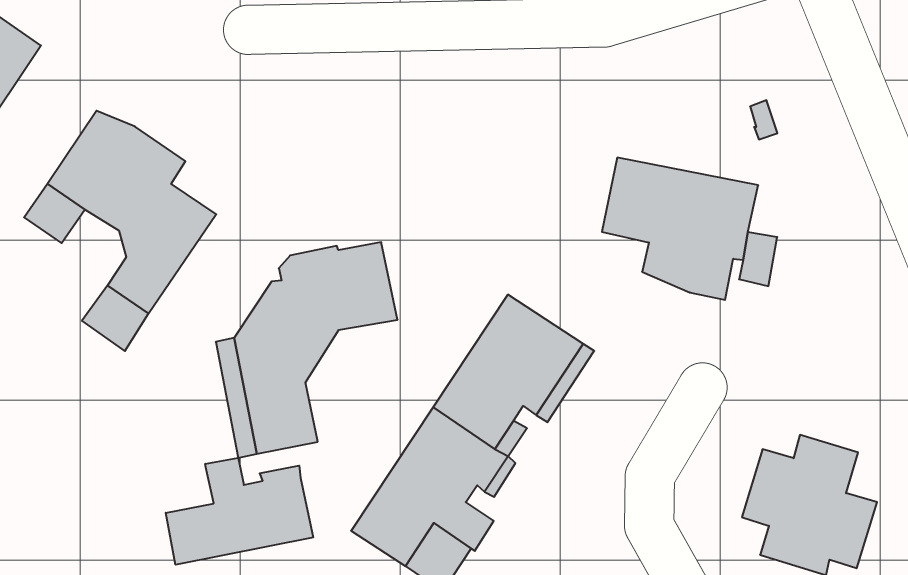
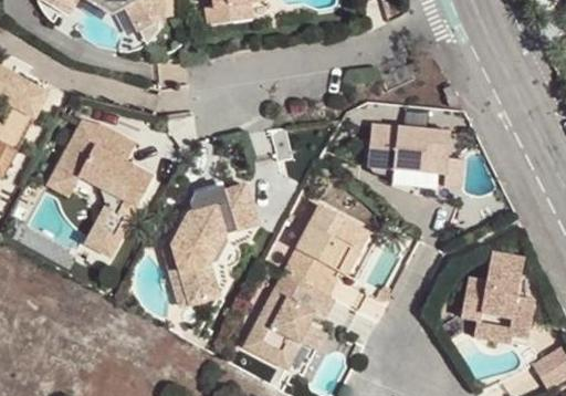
building: [166,458,313,565] -> none

